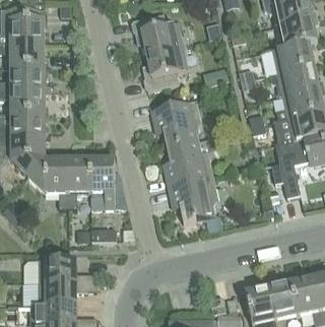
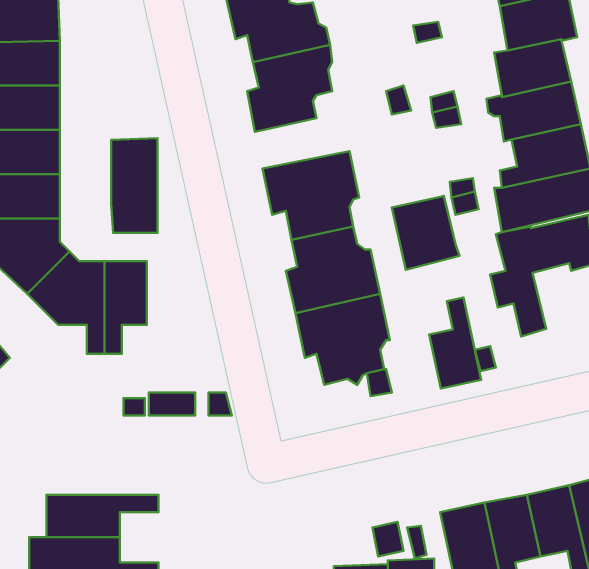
building: none -> [392,196,459,270]
building: [90,158,115,208] -> [111,138,157,233]
building: none -> [429,297,481,389]
building: [38,260,96,282] -> none

